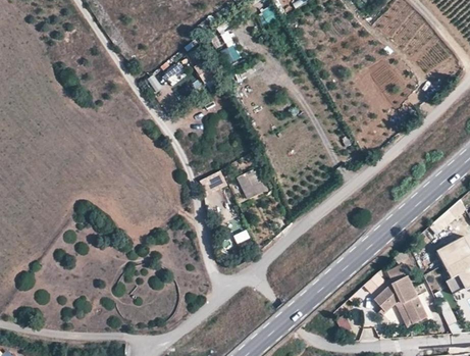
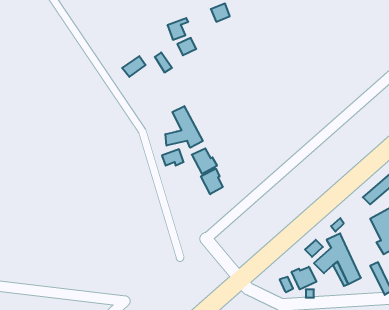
building: none -> [165,106,203,148]
building: none -> [201,169,223,194]
building: none -> [292,267,316,289]

